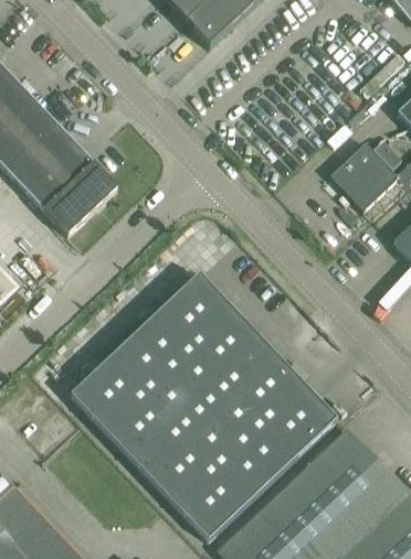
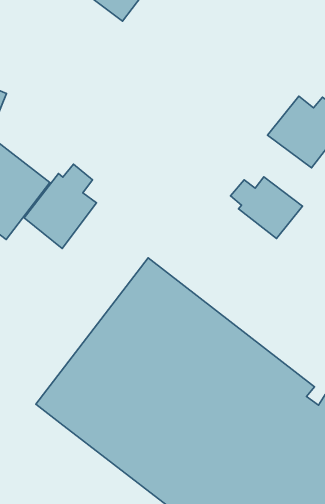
building: none -> [24,164,96,248]
building: none -> [230,177,303,238]

